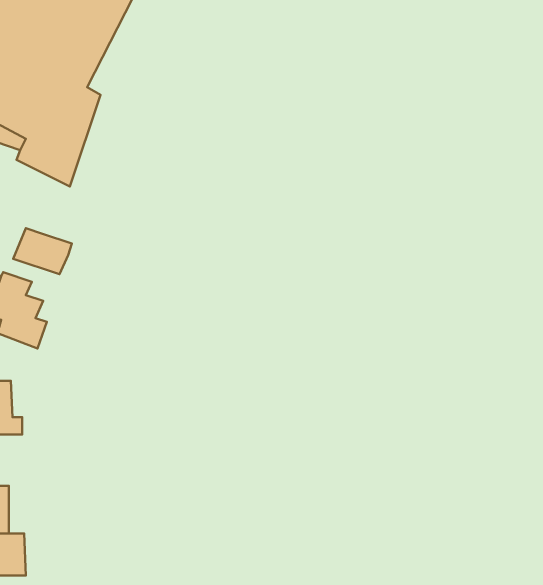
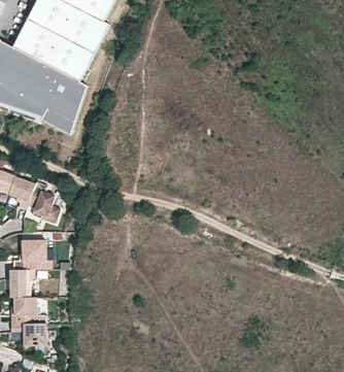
building: [13,228,72,274] -> none

